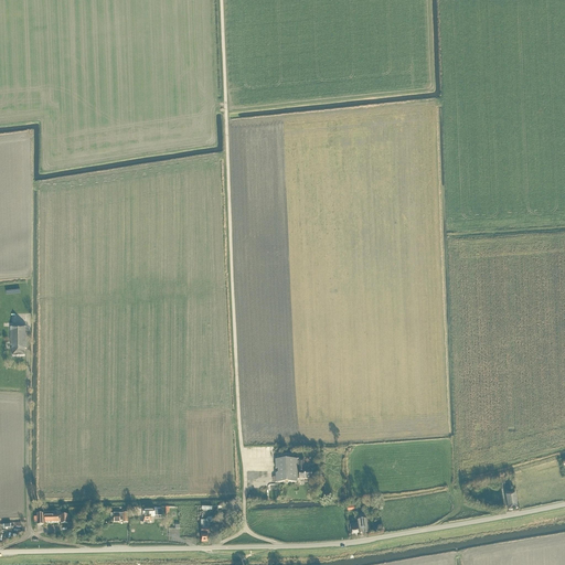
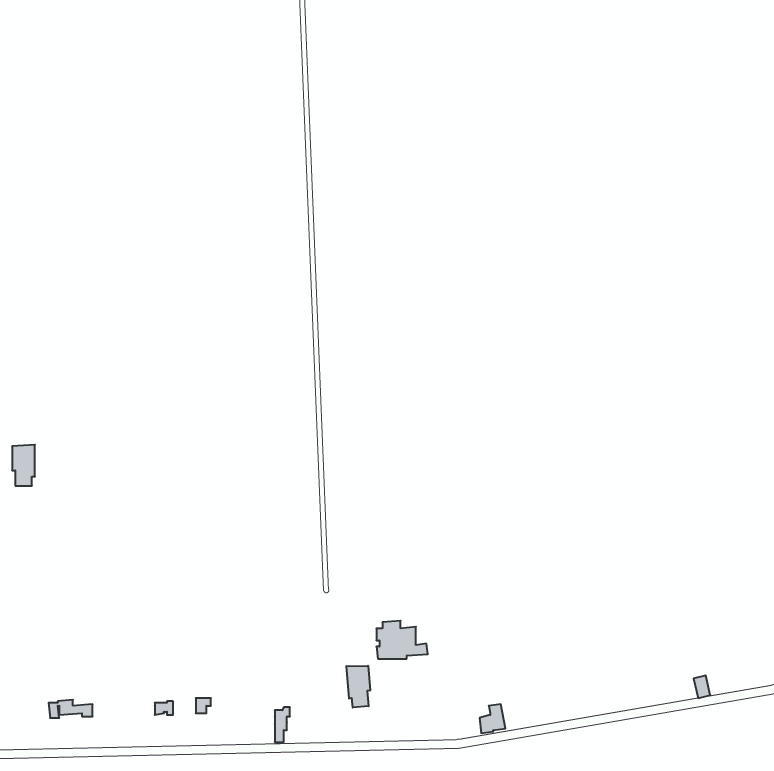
building: none -> [346,666,370,708]

